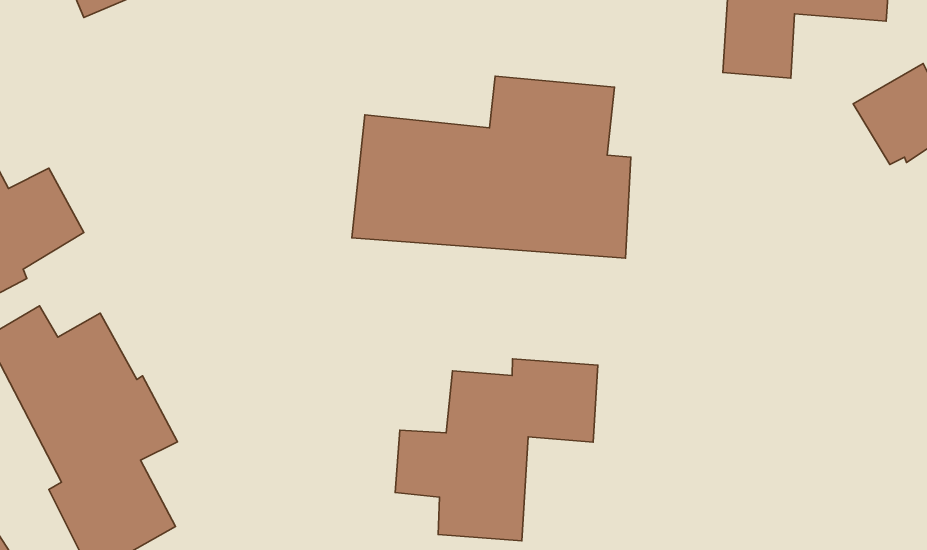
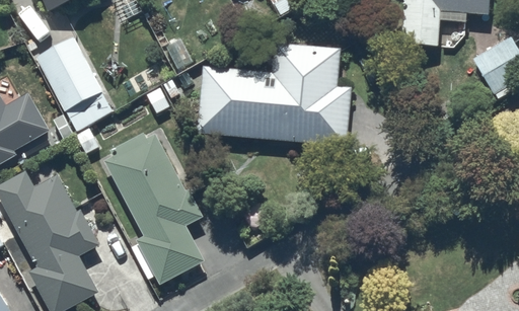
building: none -> [34,34,114,131]
building: none -> [103,132,205,284]
building: [395,359,598,541] -> none

